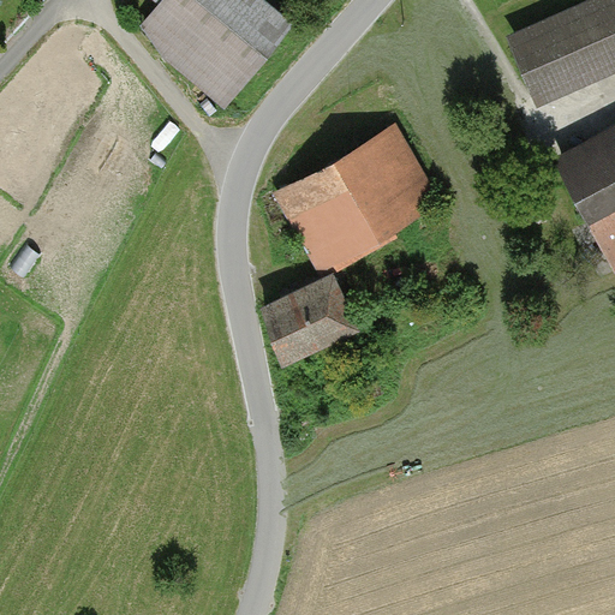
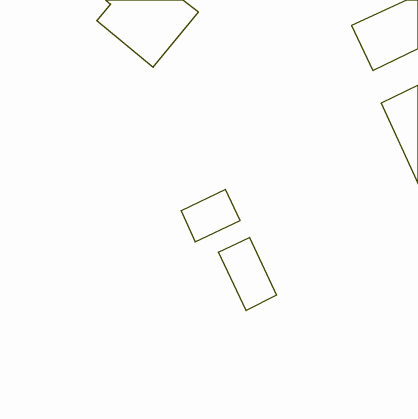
building: [283,131,432,262] -> none
building: none -> [218,237,277,311]

